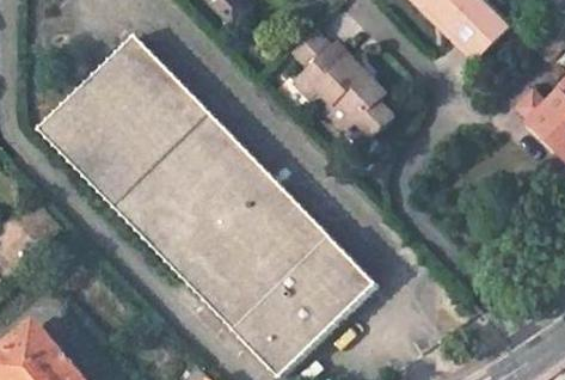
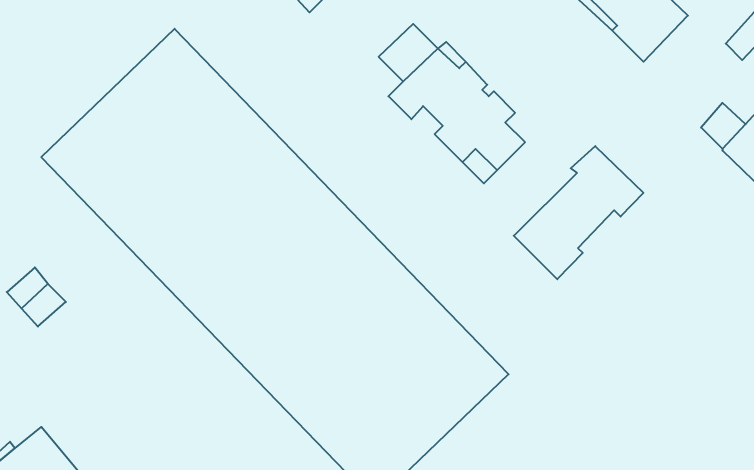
building: none -> [514,146,643,279]

